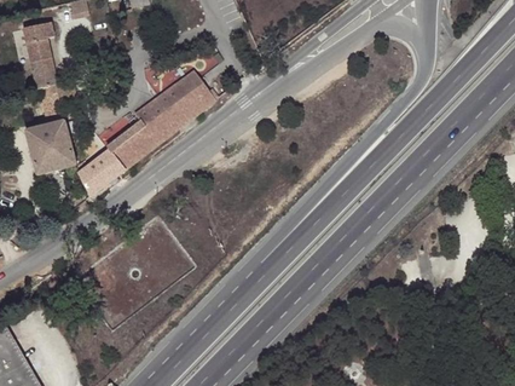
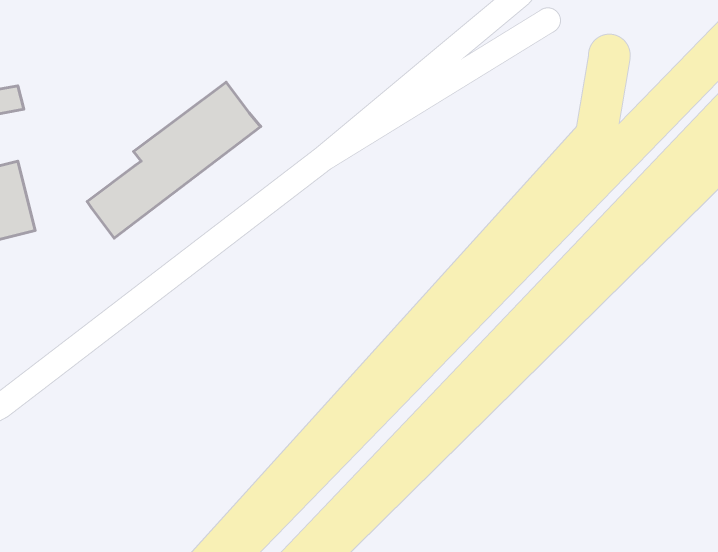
building: [75,146,122,192] -> none

